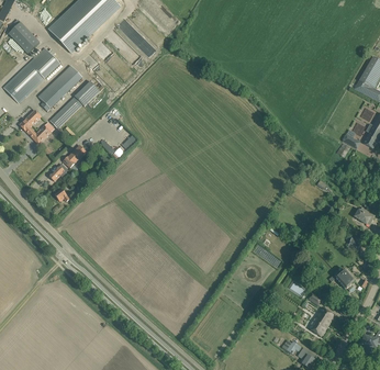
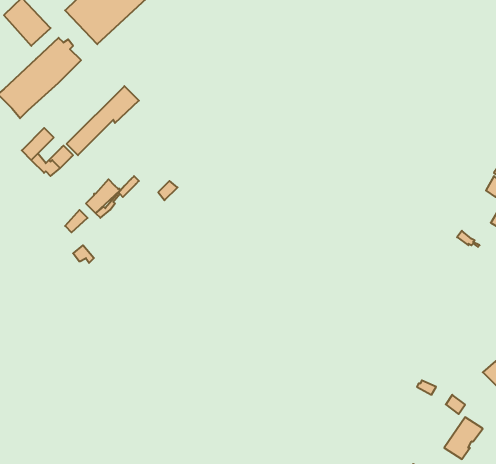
building: [41,68,78,110] -> none

